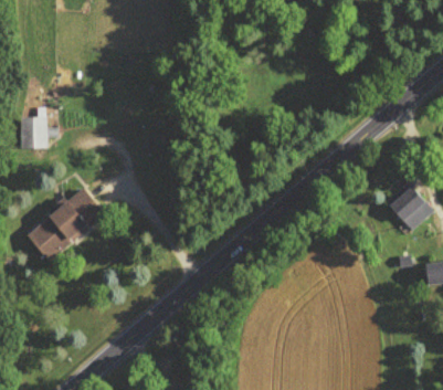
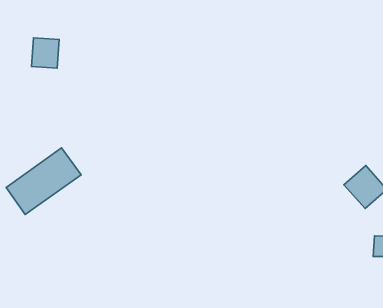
building: [20,116,48,147] -> [32,38,59,68]

